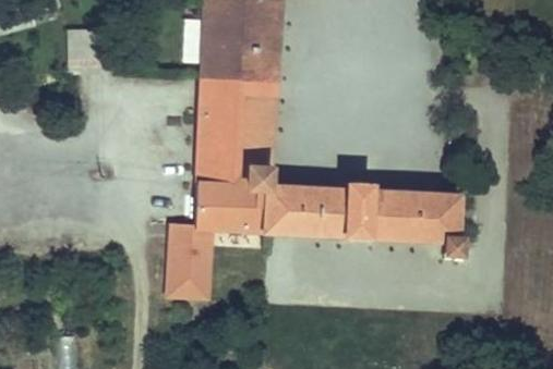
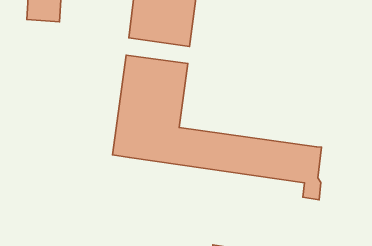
building: [200,78,278,103] -> none
building: [165,226,216,304] -> none

